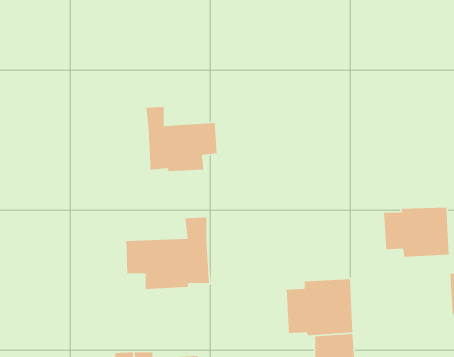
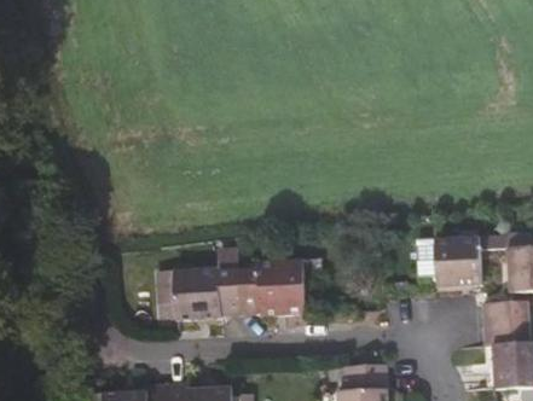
building: [146,106,218,172] -> none
building: [286,278,353,336] -> [239,258,307,316]

